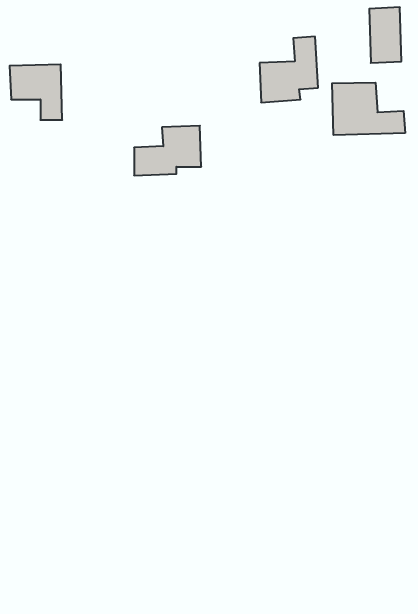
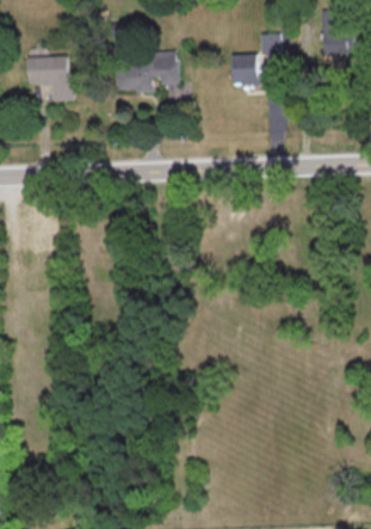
building: [332,83,405,135] -> none
building: [134,126,201,175] -> [122,50,177,91]

